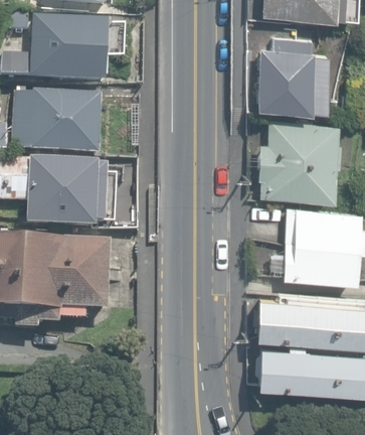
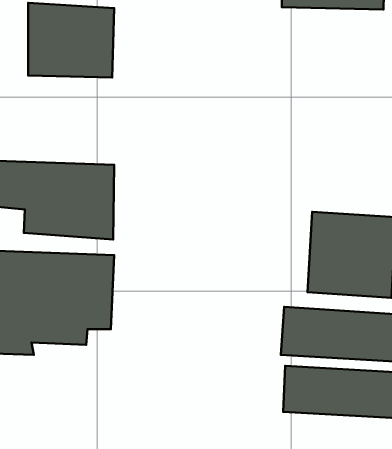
building: [257,33,327,110] -> none
building: [15,92,109,155] -> none
building: [260,116,339,198] -> none

